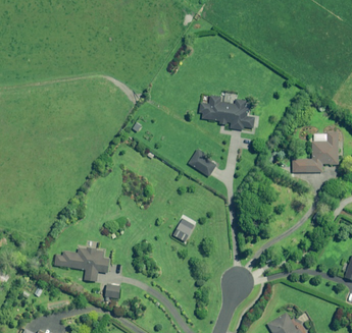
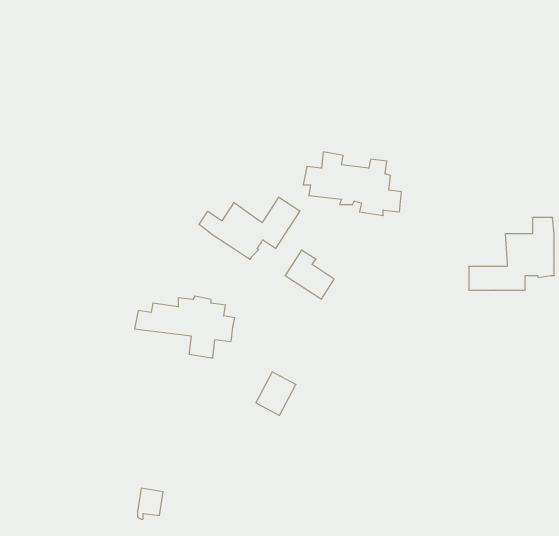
building: none -> [199,197,300,259]
building: [54,245,110,280] -> [135,296,235,358]

